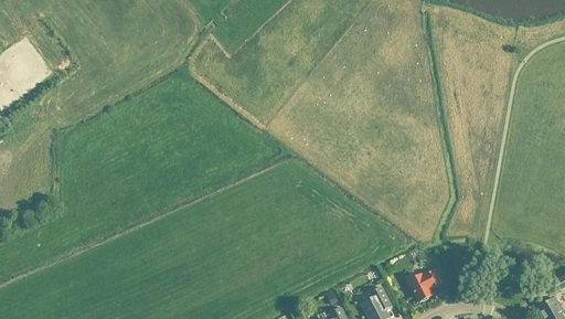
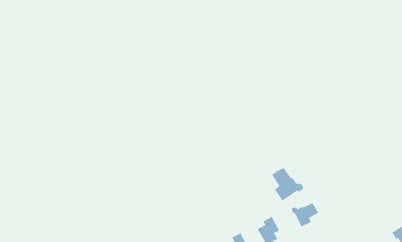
building: none -> [271,167,304,201]

